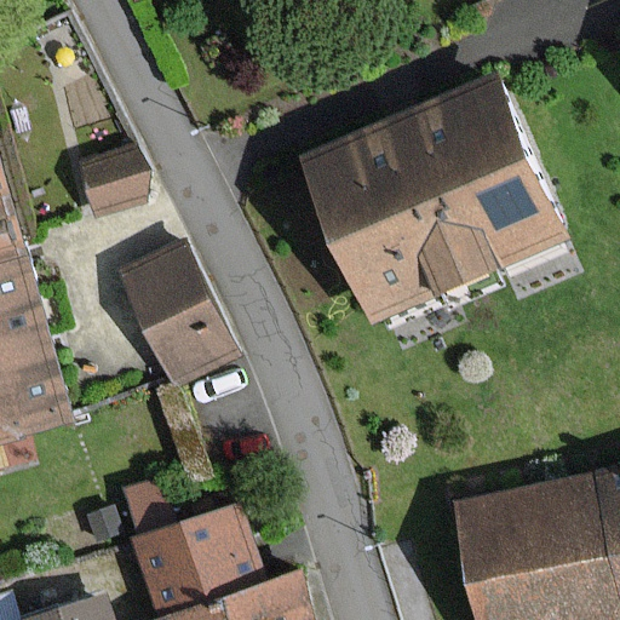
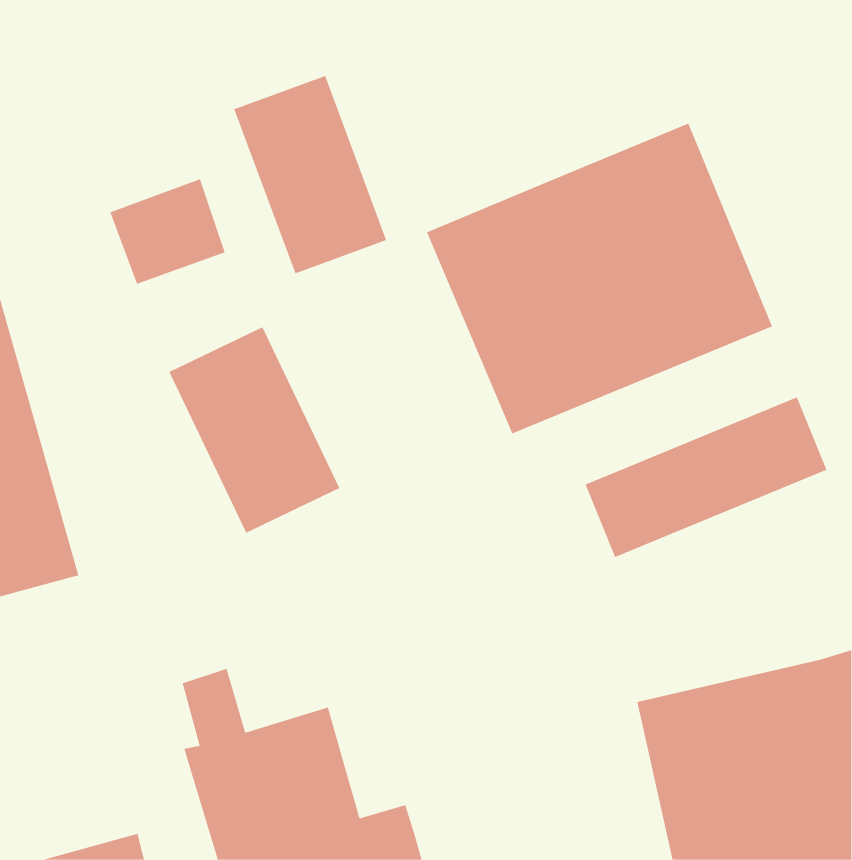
building: none -> [234,75,387,274]
building: none -> [585,396,827,558]

